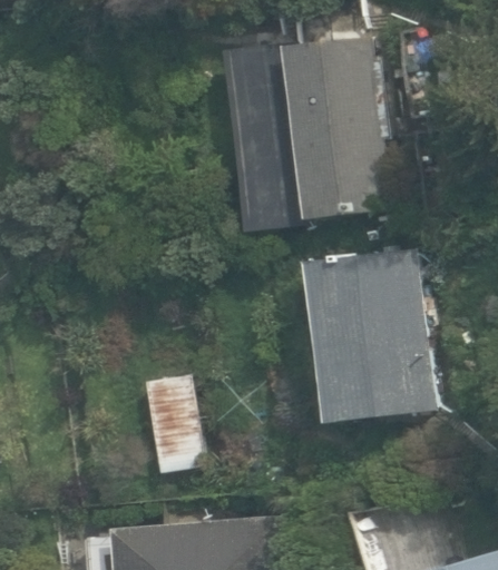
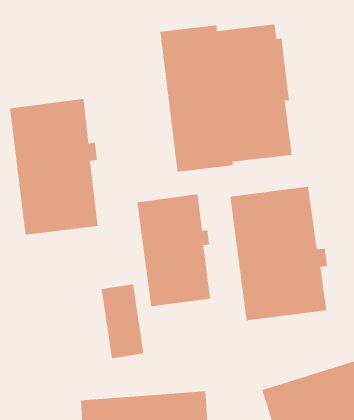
building: none -> [10,98,98,236]
building: none -> [137,193,211,307]

